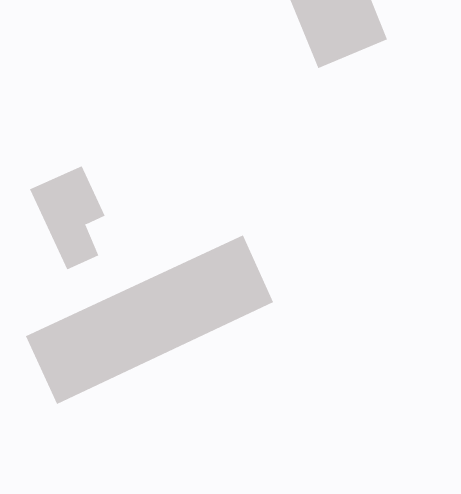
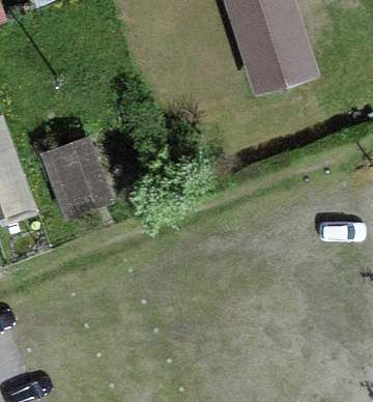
building: [25,234,274,405] -> none

